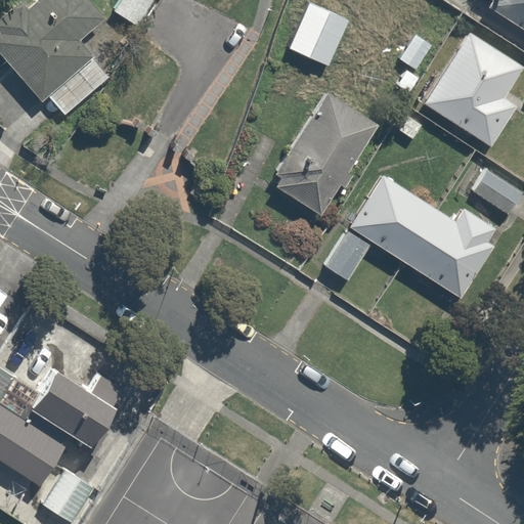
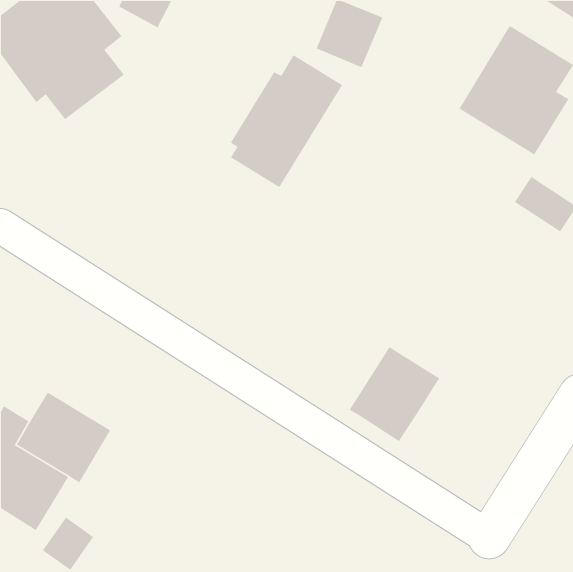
building: [272,93,375,214] -> [230,54,343,188]
building: [323,175,499,294] -> none
building: none -> [348,346,440,442]

